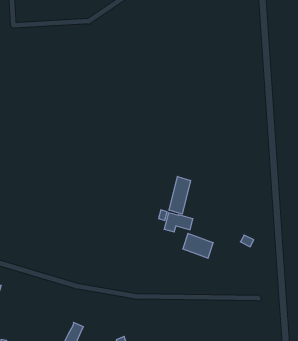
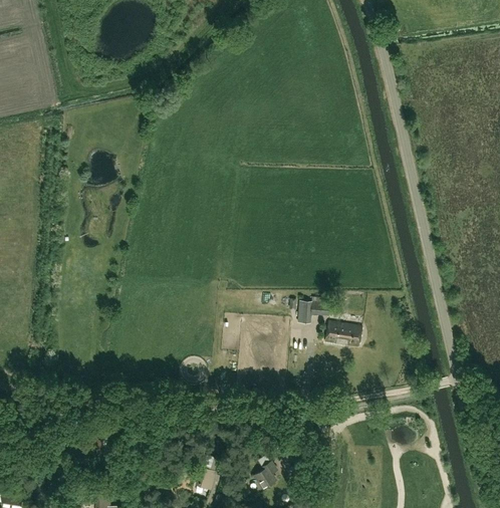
building: [169,176,191,214] -> none

